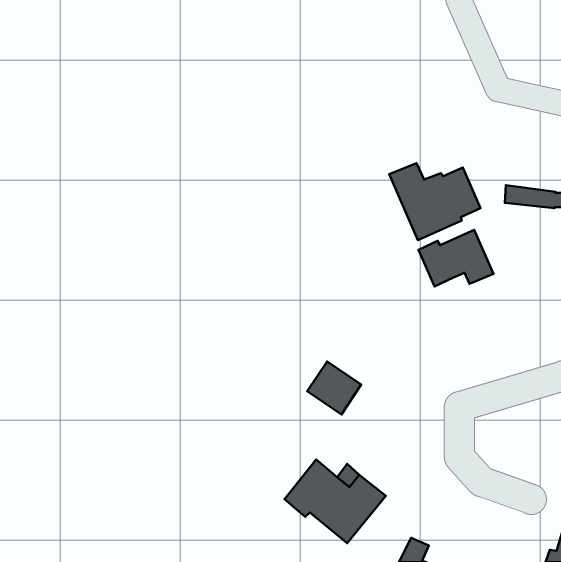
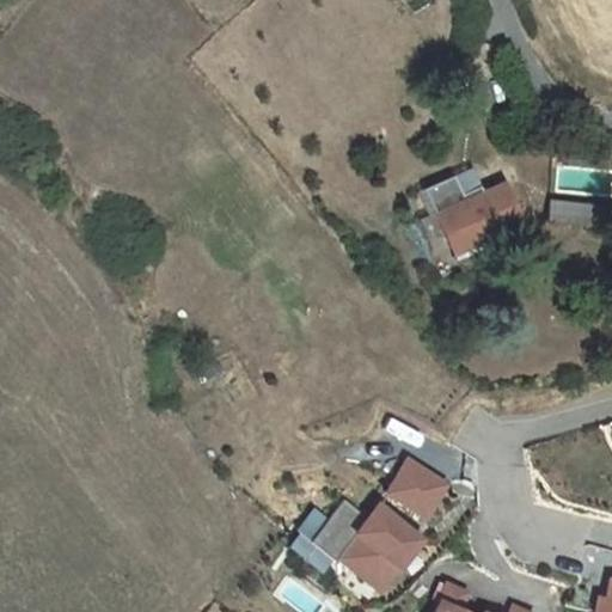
building: [418,230,493,286] -> none
building: [307,361,361,414] -> [387,459,446,516]

